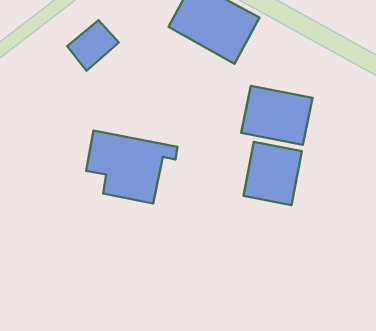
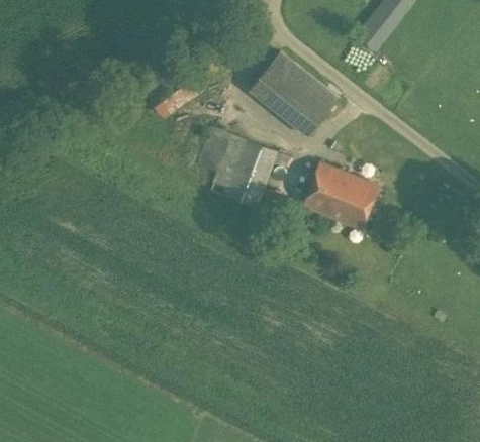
building: [86,130,178,204] -> [196,126,290,208]
building: [244,142,302,205] -> none

